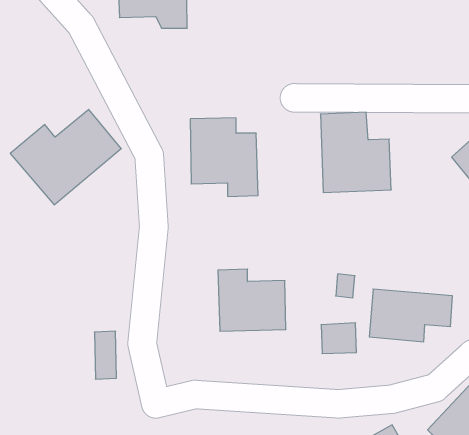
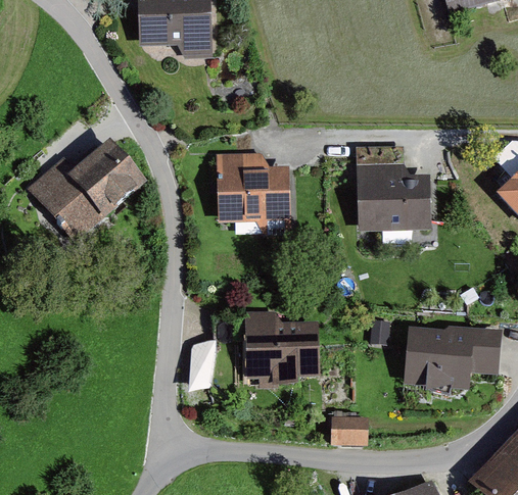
building: [321,323,356,354] -> [331,409,369,442]
building: [94,331,116,379] -> [194,339,218,390]

